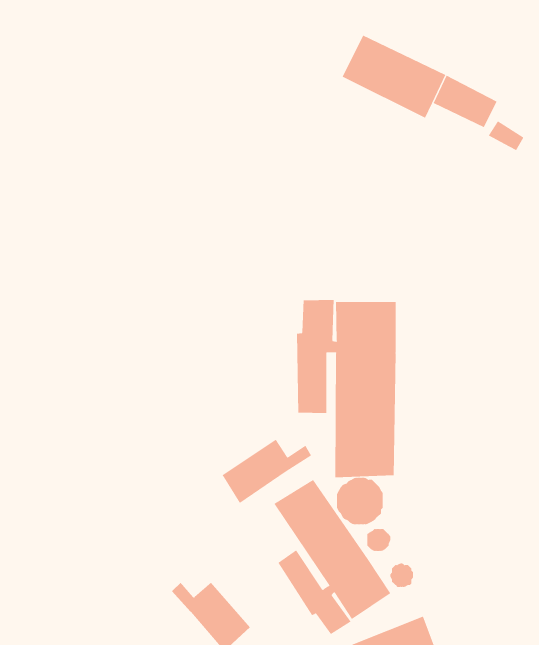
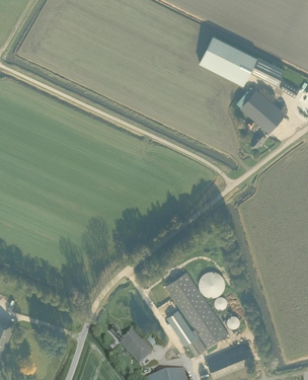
building: none -> [239,88,284,146]
building: [296,299,396,478] -> none
building: [222,439,312,504] -> none

